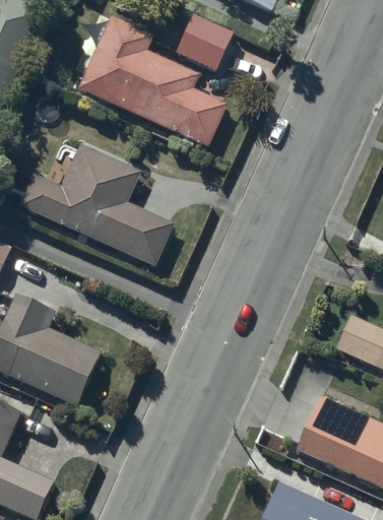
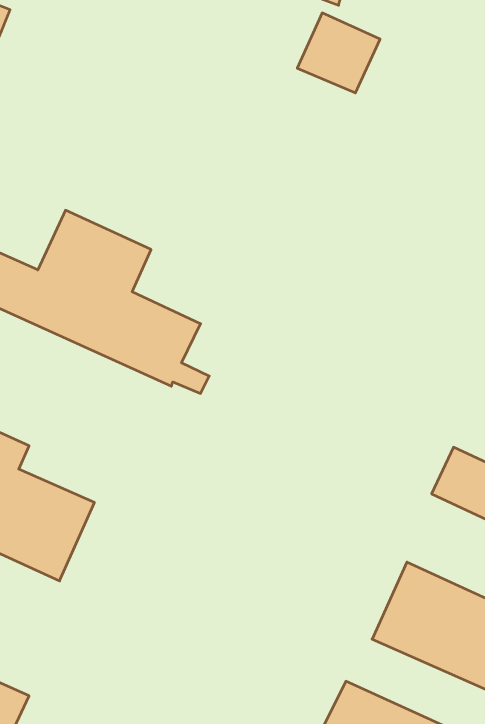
building: [172,8,230,64] -> [297,13,380,93]
building: [78,19,228,150] -> none

